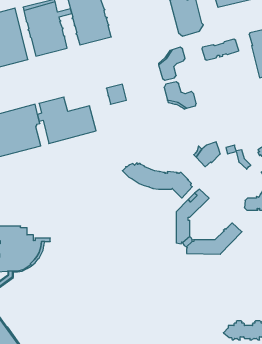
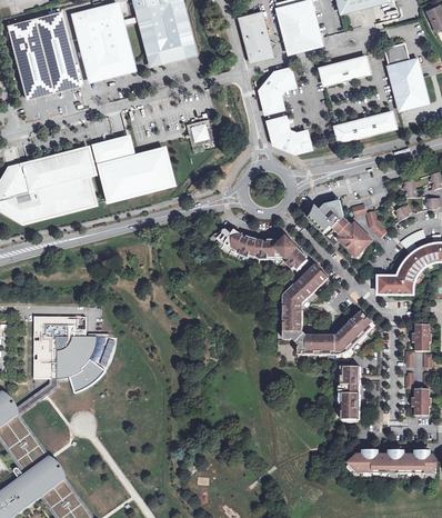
building: none -> [239,12,274,61]
building: none -> [334,111,395,142]
building: none -> [332,216,371,255]
building: none -> [70,360,106,392]
building: none -> [334,361,360,419]

